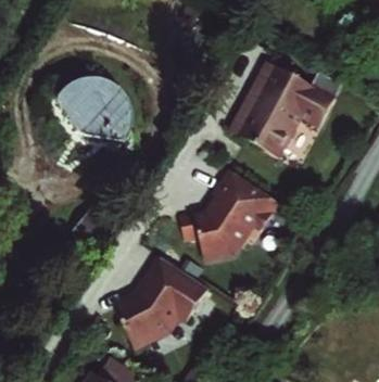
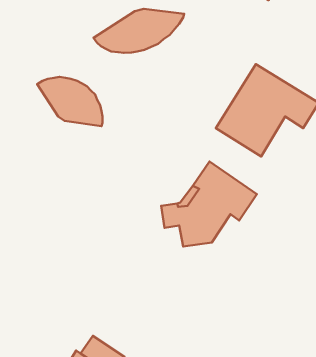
building: none -> [94,9,184,53]
building: [111,255,206,344] -> none

